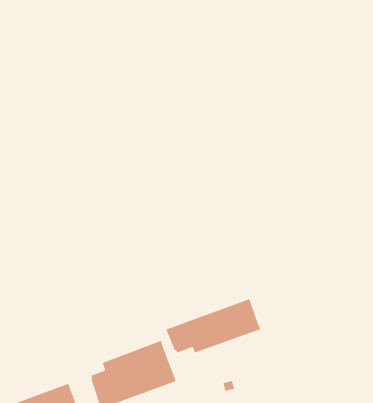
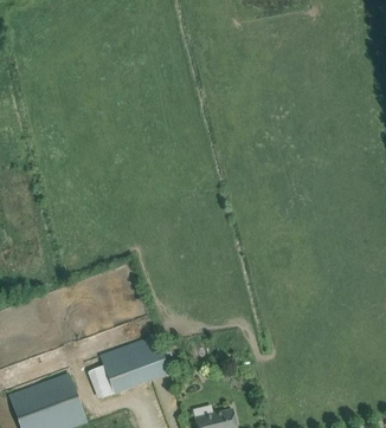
building: [165,298,262,354] -> none

